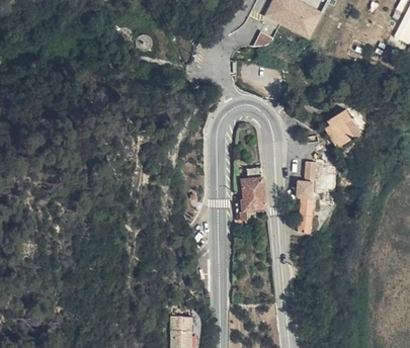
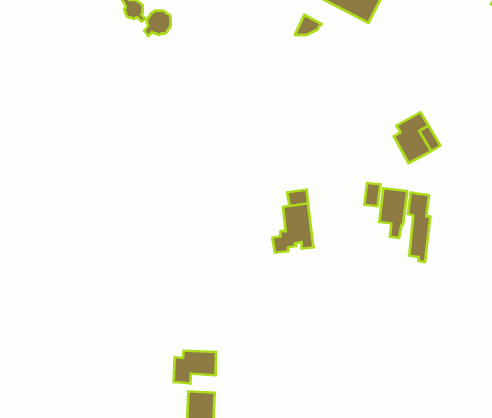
building: [296,179,313,232] -> [408,193,430,262]
building: none -> [174,351,216,384]

